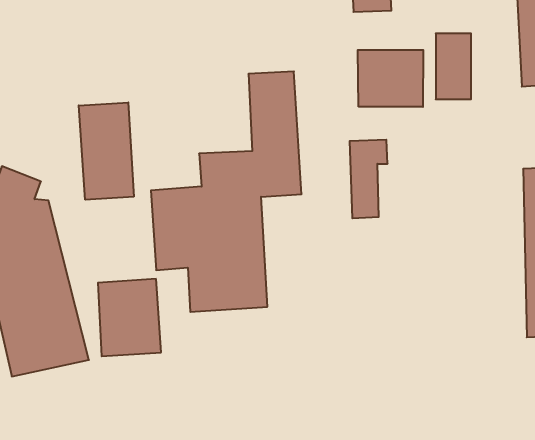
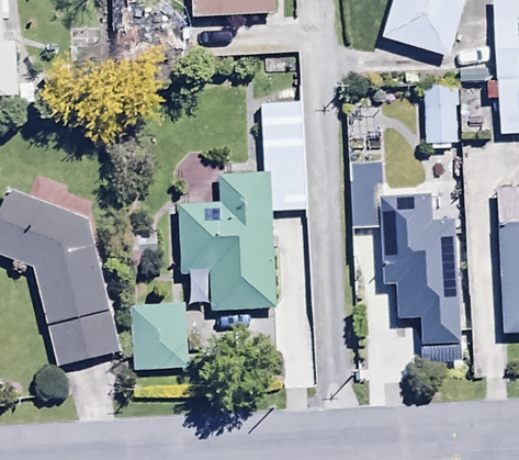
building: [358,50,423,107] -> none
building: [79,102,134,200] -> none
building: none -> [380,193,463,346]

